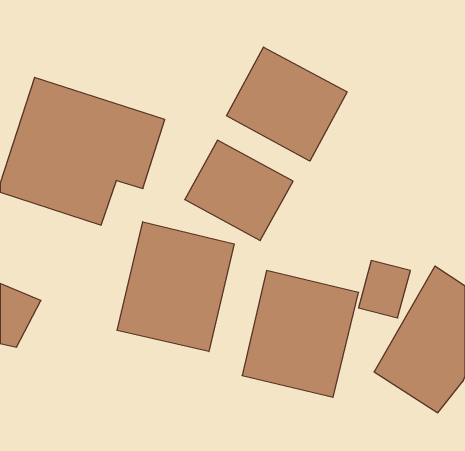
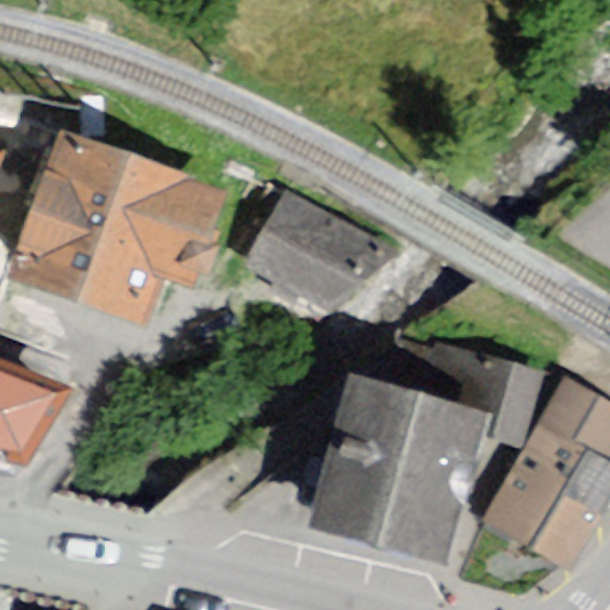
building: [227,47,347,161] -> none
building: [117,222,234,352] -> none

